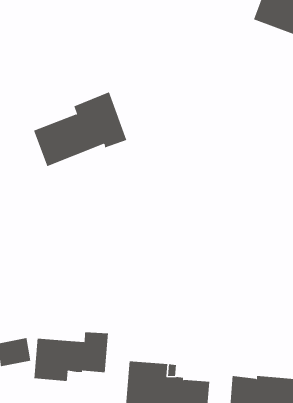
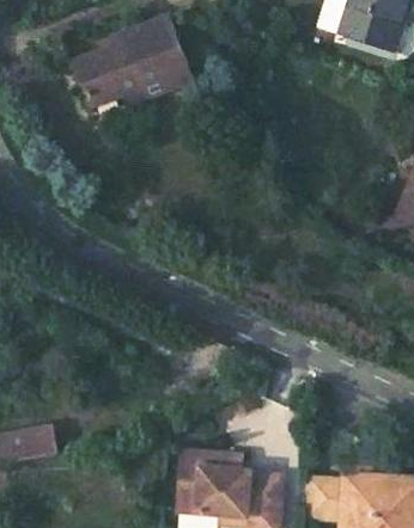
building: [33,91,127,167] -> [77,19,191,111]
building: [34,332,108,382] -> none

